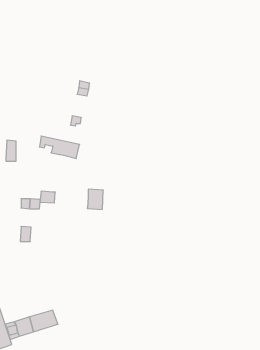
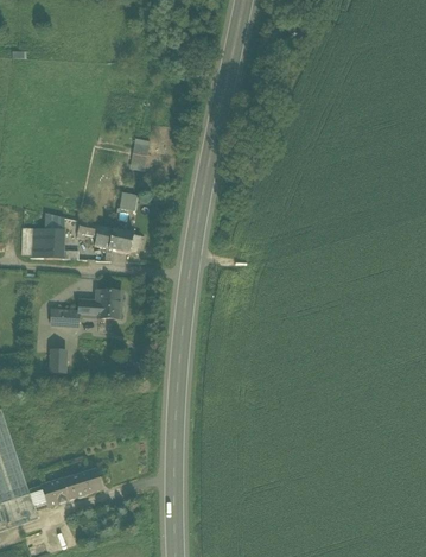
building: none -> [44,214,64,259]
building: [87,189,103,209] -> [98,291,121,319]

